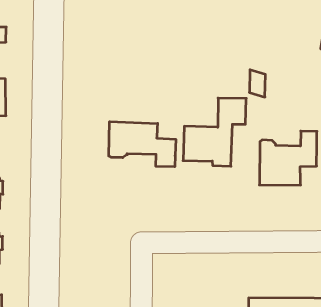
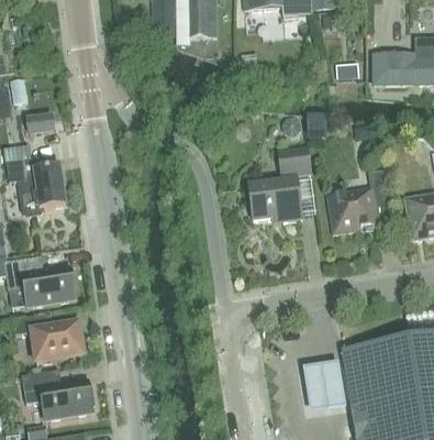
building: [109,122,176,167] -> none

